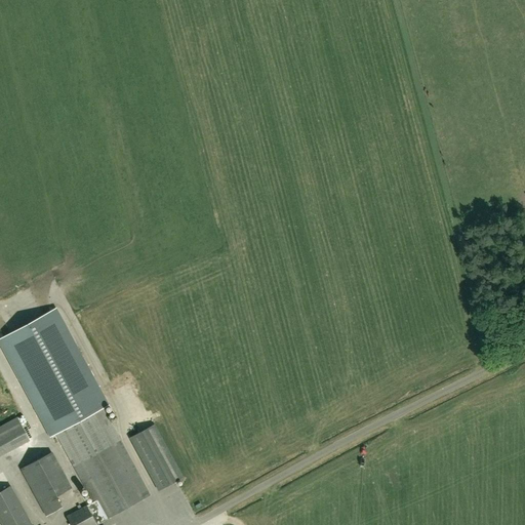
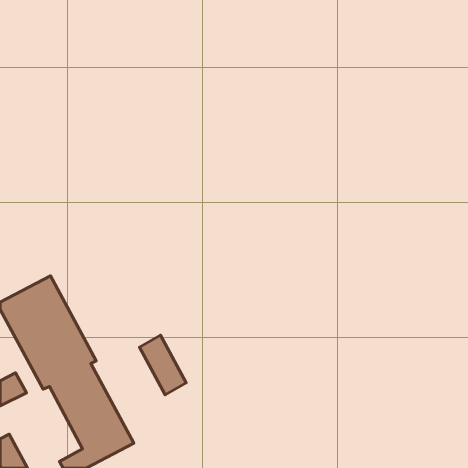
building: [130,425,183,491] -> [140,335,186,395]
building: [21,452,72,516] -> none

